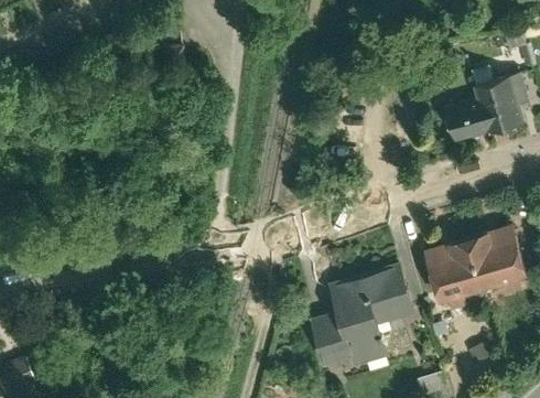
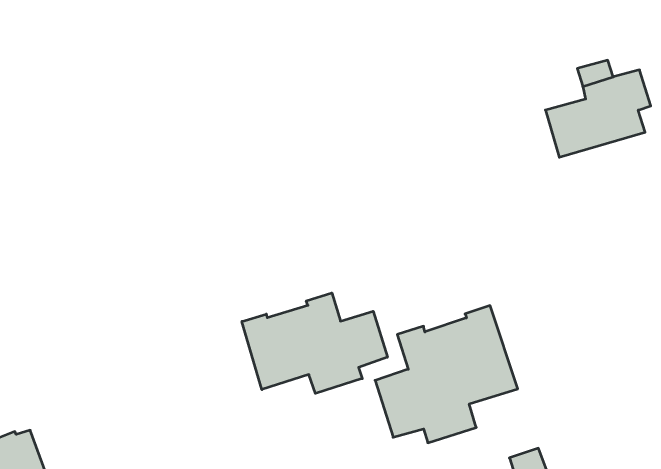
building: [423,220,531,310] -> none
building: none -> [242,293,387,393]

